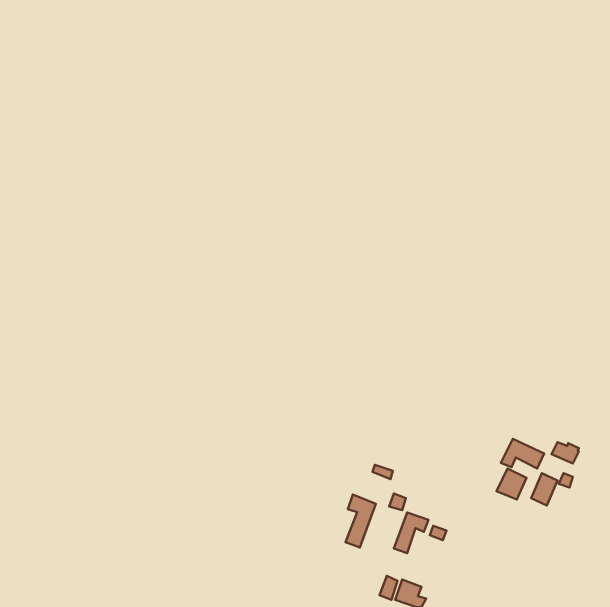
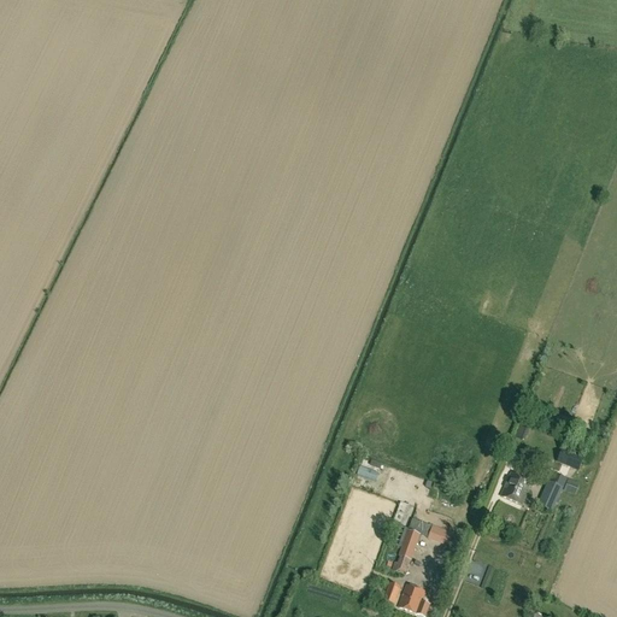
building: [501,439,544,469] -> none
building: [345,494,376,548] -> none

